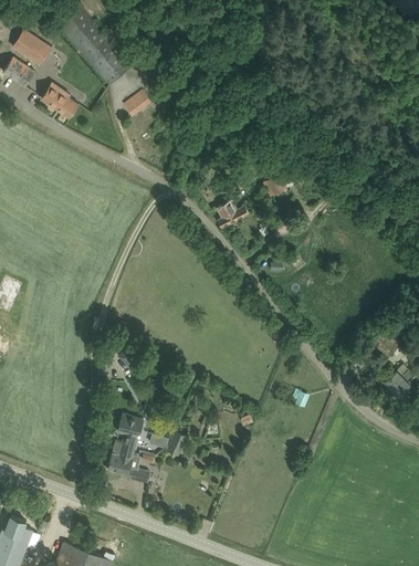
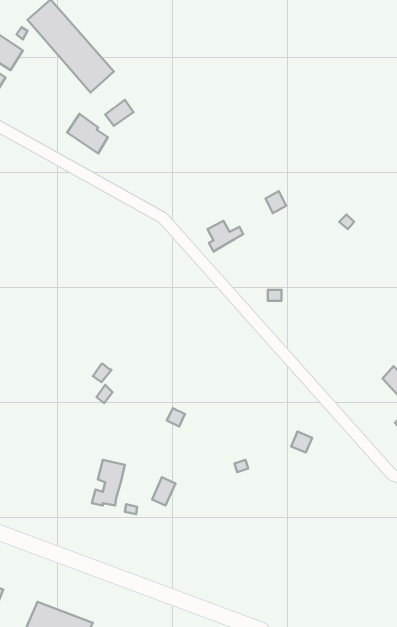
building: [41,83,77,118] -> [67,114,108,153]
building: [107,453,148,482] -> none

